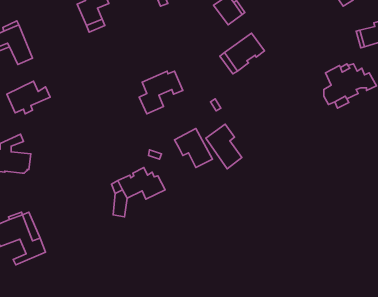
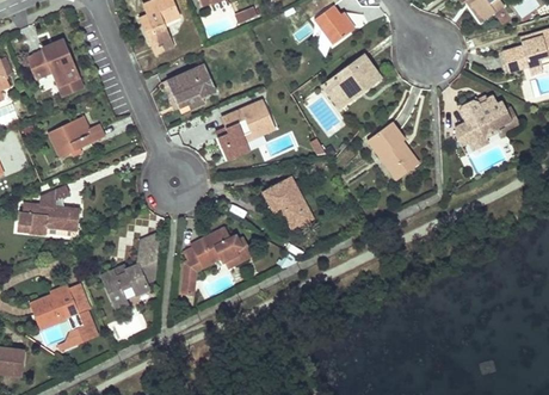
building: none -> [167,64,215,107]
building: [206,124,242,169] -> [368,121,414,178]
building: none -> [99,234,156,309]

